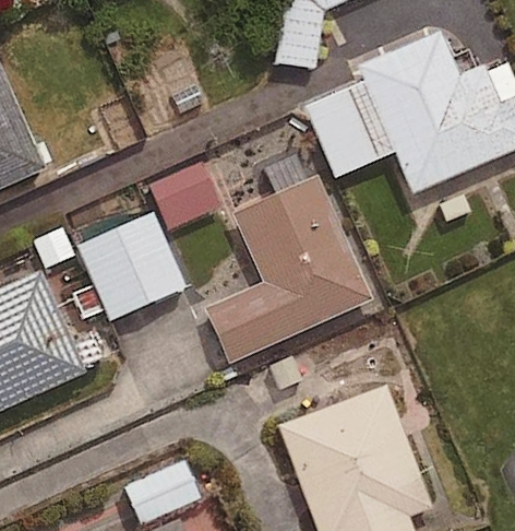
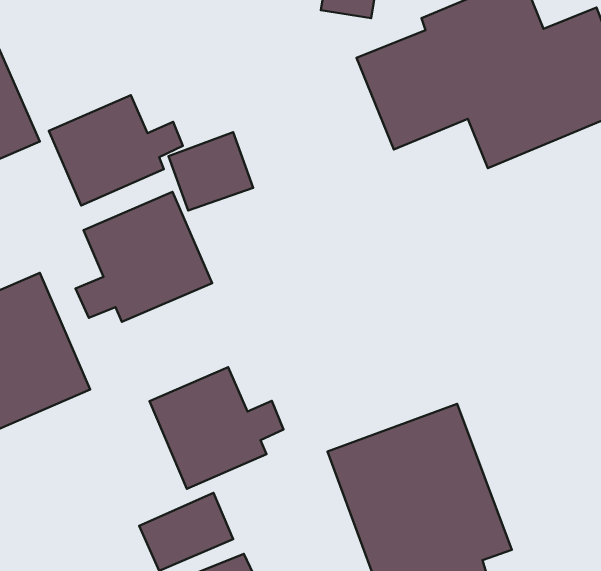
building: none -> [49,95,183,205]
building: [205,179,368,361] -> none
building: none -> [149,367,284,489]

